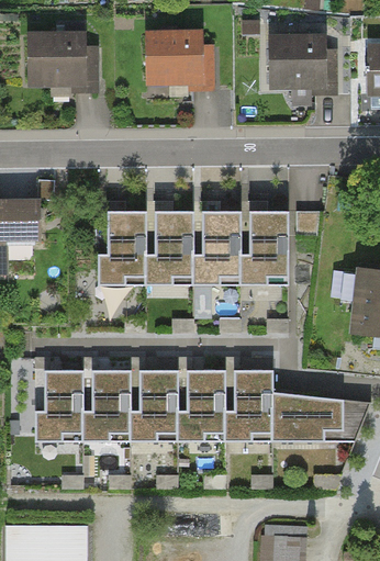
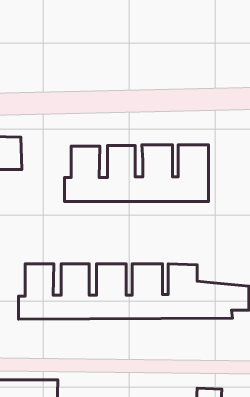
building: [22,34,94,94] -> none
building: [142,34,214,94] -> none
building: [265,38,337,99] -> none

